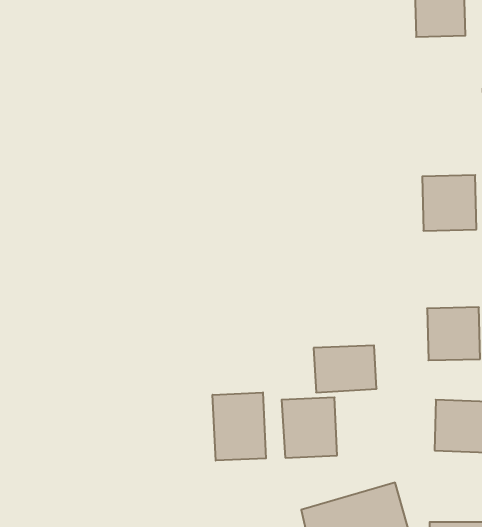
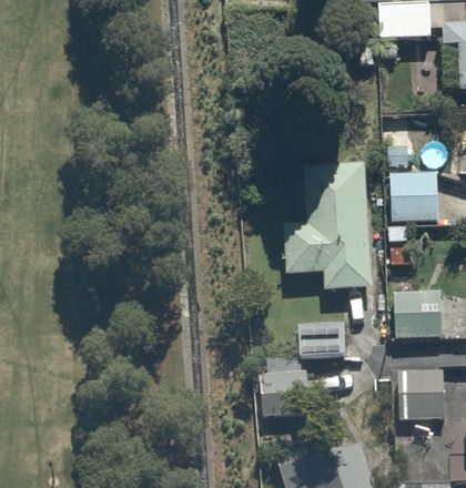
building: none -> [287,172,376,301]
building: [213,392,266,461] -> none

